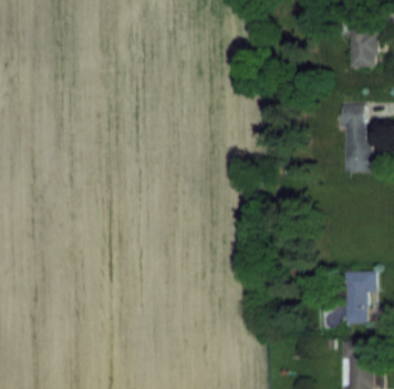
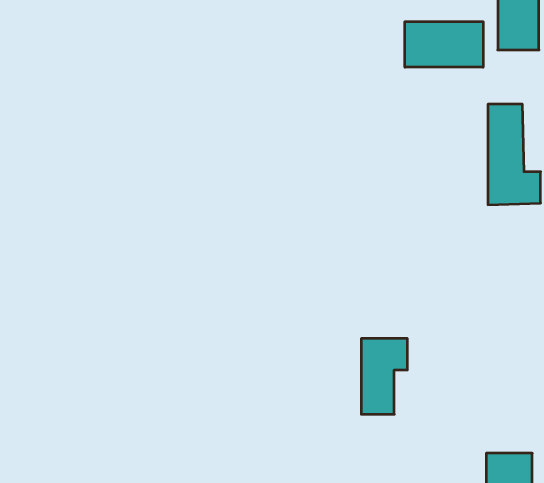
building: none -> [405,22,483,67]
building: [344,270,375,321] -> [361,339,407,414]

